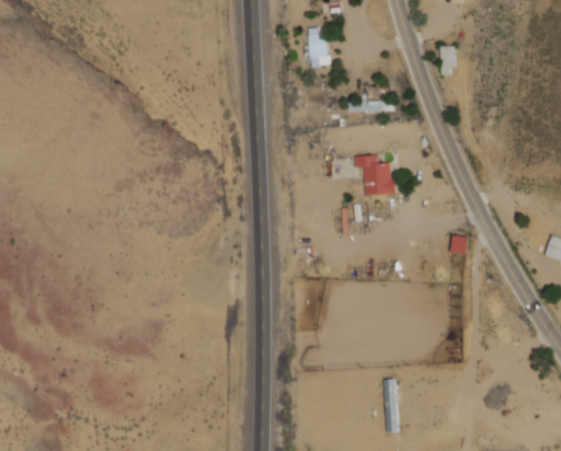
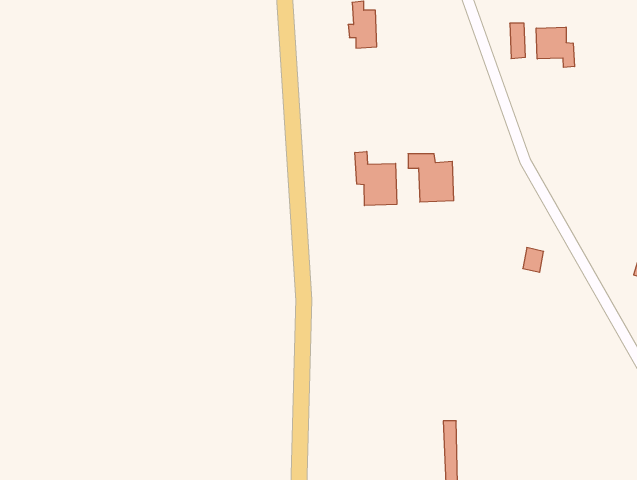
building: none -> [536,27,575,67]
building: none -> [355,151,397,206]

